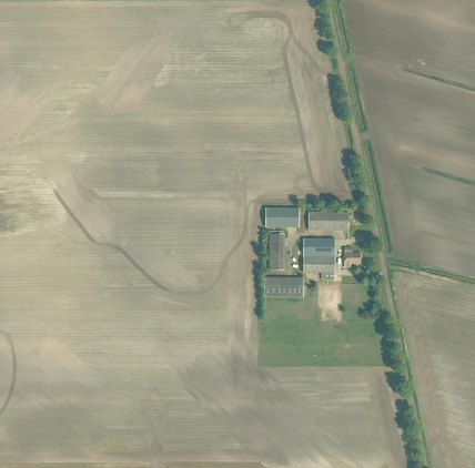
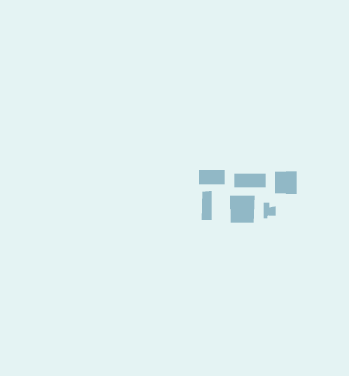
building: none -> [274,170,297,195]
building: [264,277,303,296] -> none

